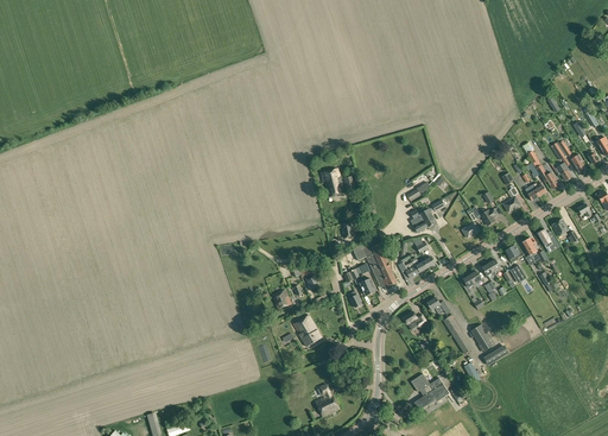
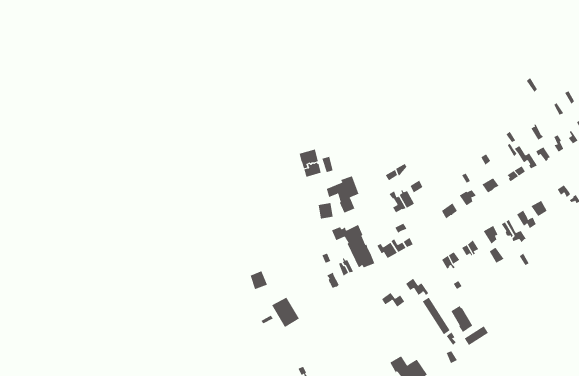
building: none -> [326,176,359,214]

